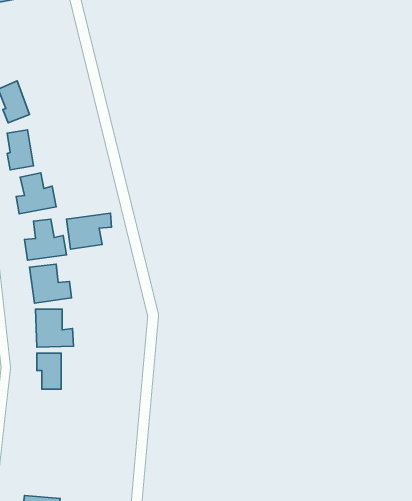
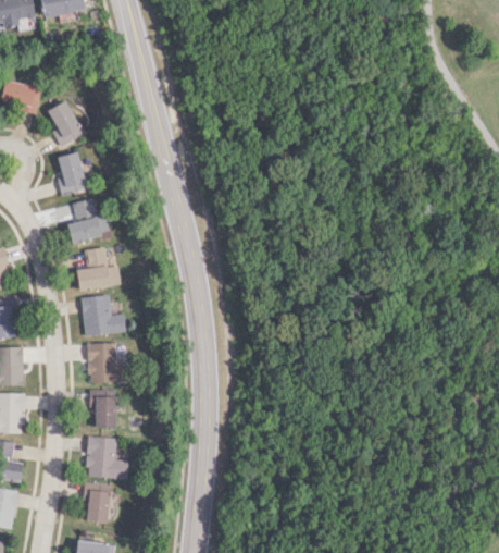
building: [66,213,112,249] -> none
building: none -> [86,437,128,478]
building: none -> [83,482,110,523]

